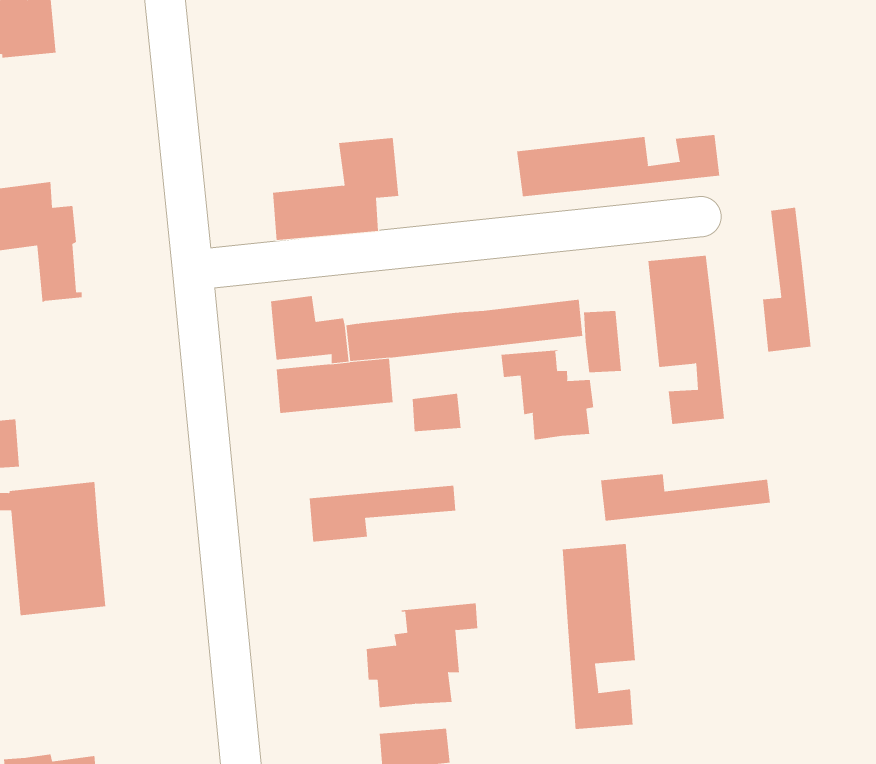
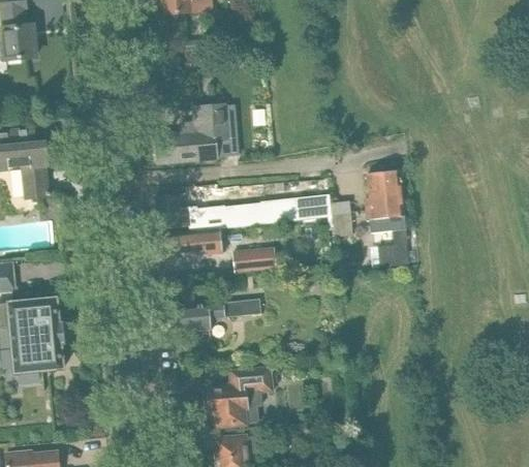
building: [516,134,720,197] -> none
building: [763,207,811,352] -> none
building: [501,350,594,441] -> none
building: [600,474,771,521] -> none
building: [562,543,636,730] -> none

